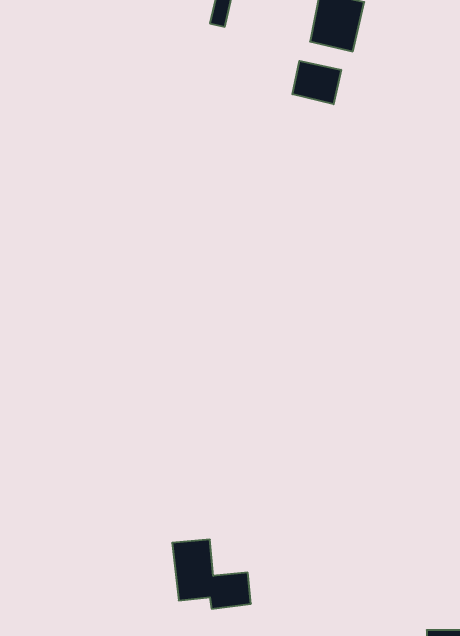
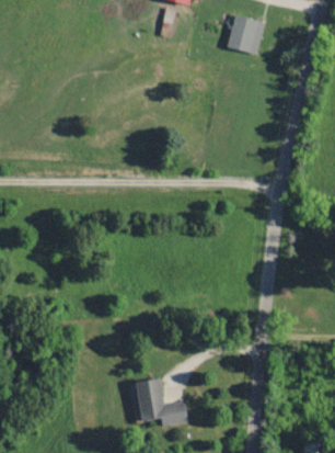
building: [292,61,341,104] -> none

